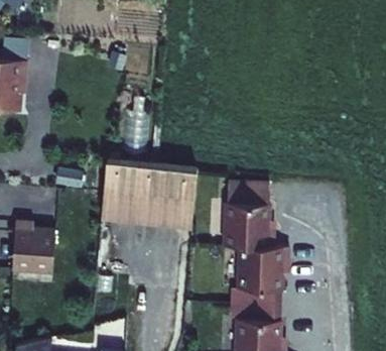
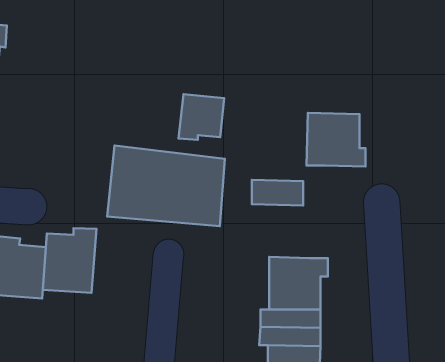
building: none -> [178,94,224,140]
building: [223,198,271,242] -> [307,113,365,167]
building: none -> [43,228,96,293]

